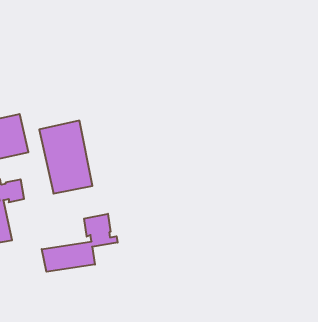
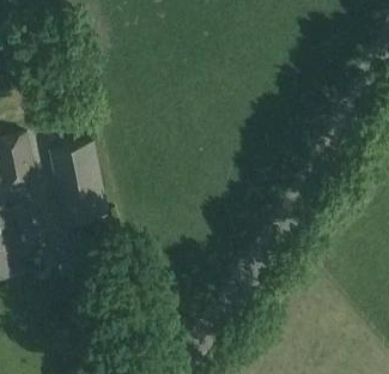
building: [42,214,118,272] -> none

